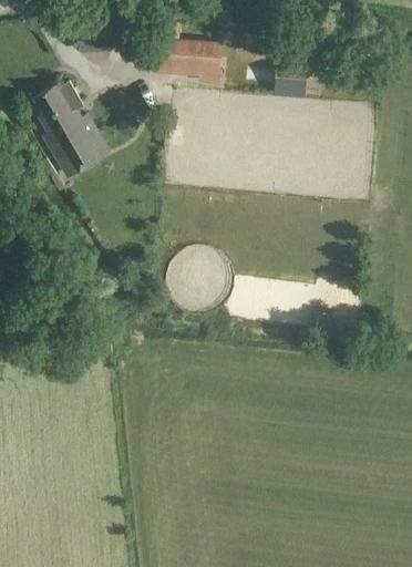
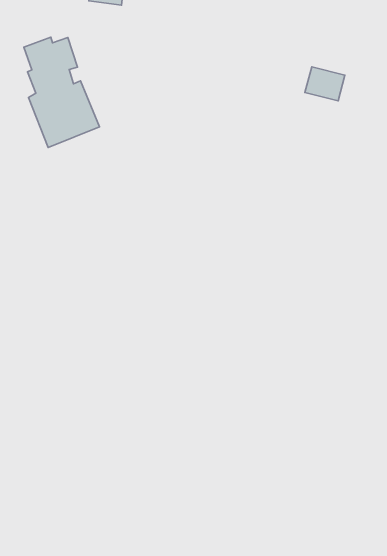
building: [157,41,220,83] -> none

